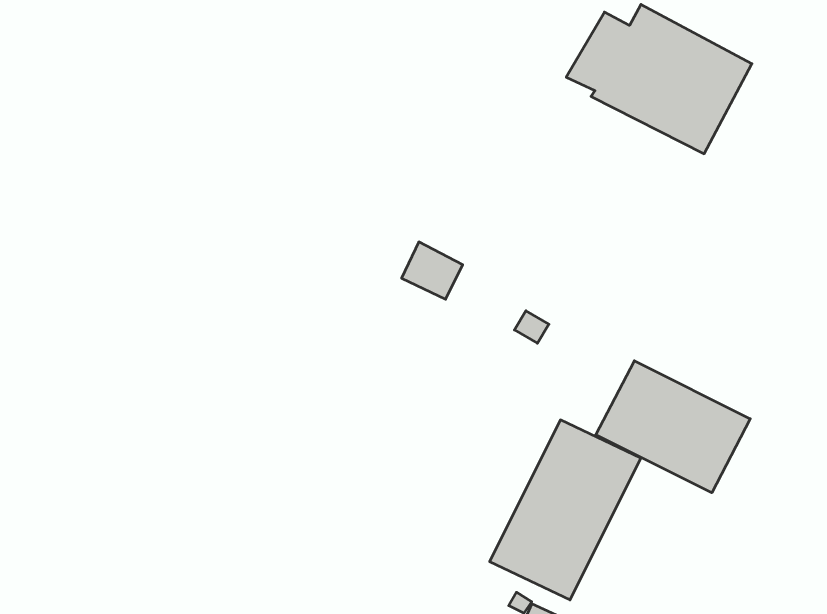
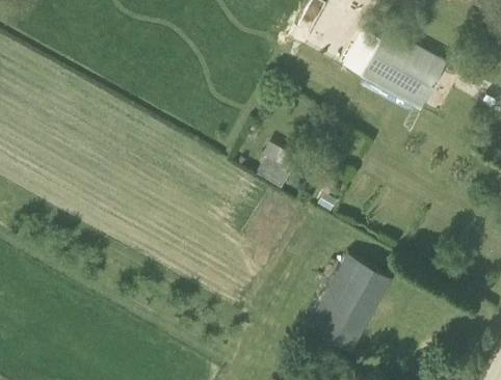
building: [596,361,750,493] -> none

